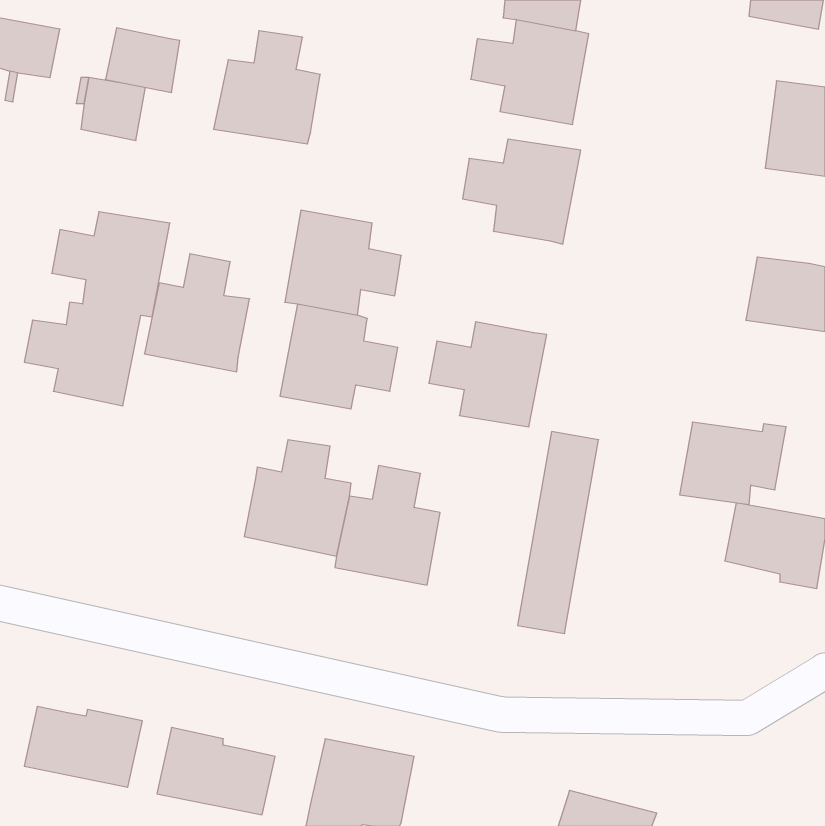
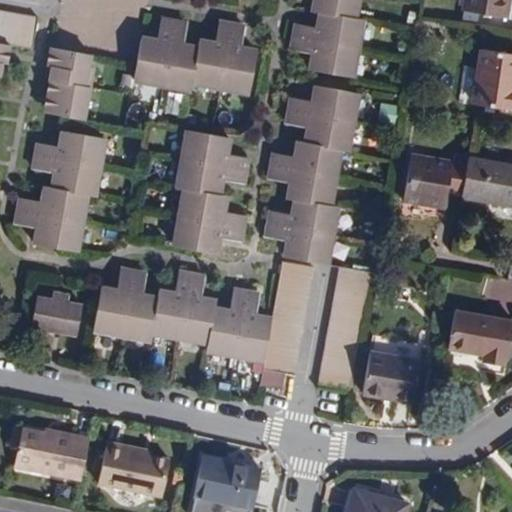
building: [105,28,180,92] -> [43,80,89,120]
building: none -> [192,22,257,92]
building: none -> [268,142,340,206]
building: [144,254,250,372] -> [93,268,158,341]
building: [680,422,786,505] -> [402,156,468,207]
building: none -> [261,262,311,380]
building: none -> [31,292,82,335]
building: none -> [362,353,419,402]

